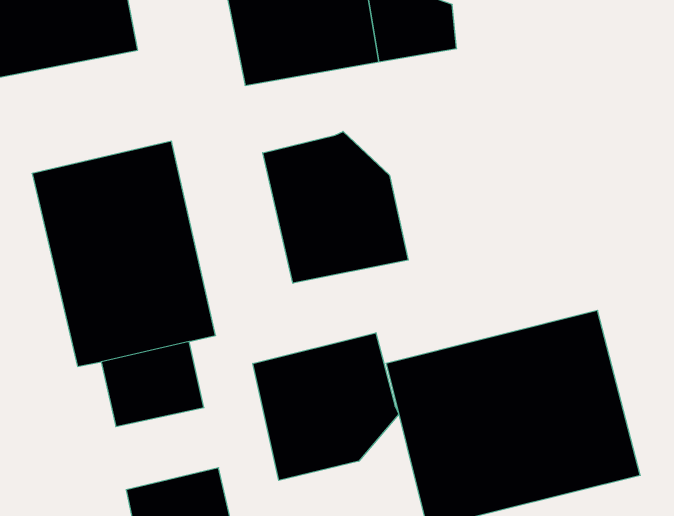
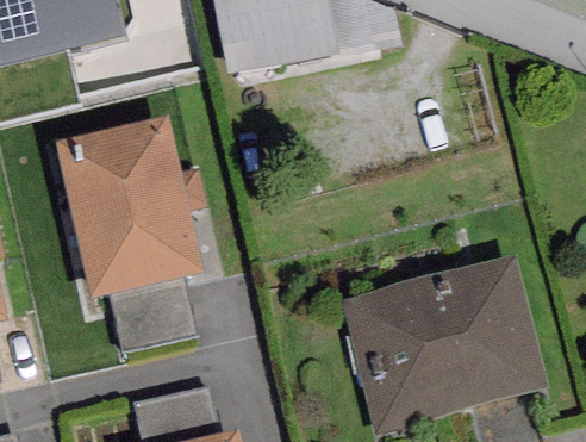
building: [263,131,408,283] -> none
building: [253,333,399,480] -> none

